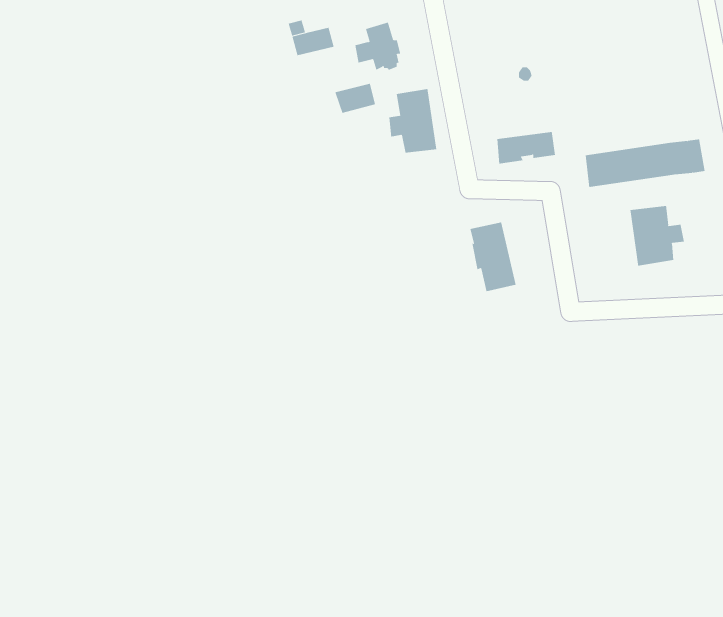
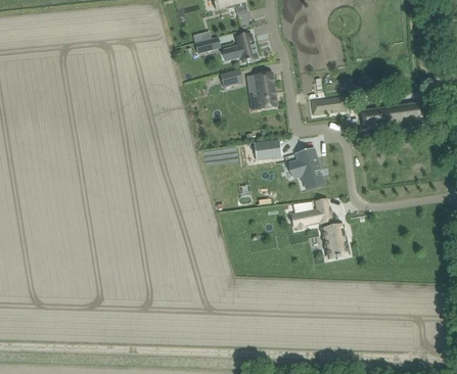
building: [630,205,685,267] -> none
building: none -> [254,140,280,159]
building: none -> [302,205,349,258]

